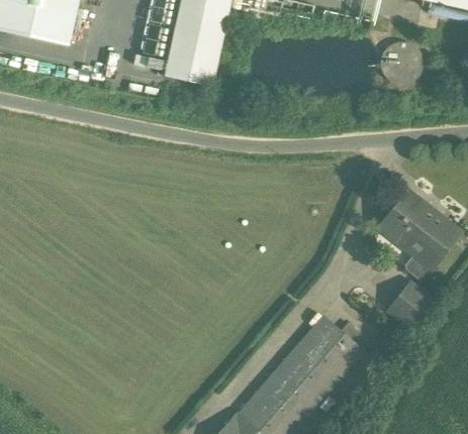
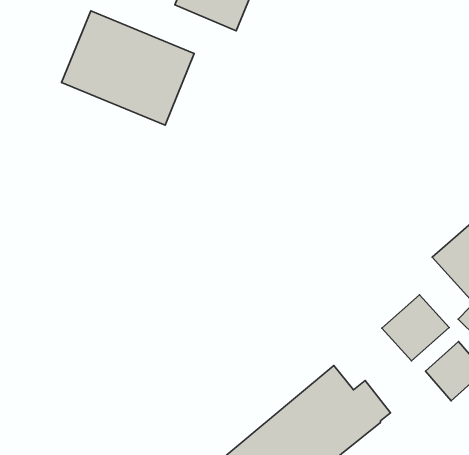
building: none -> [62,11,194,125]
building: none -> [382,295,449,361]

